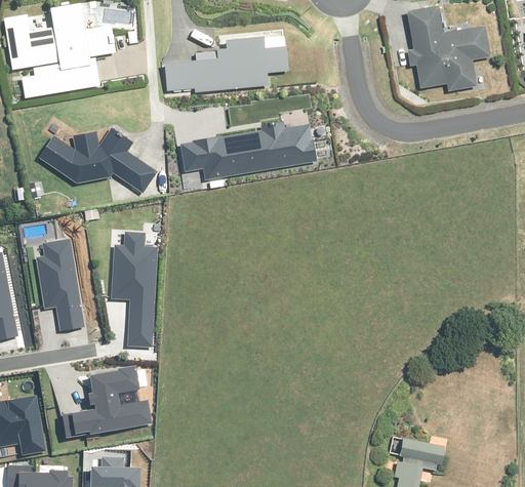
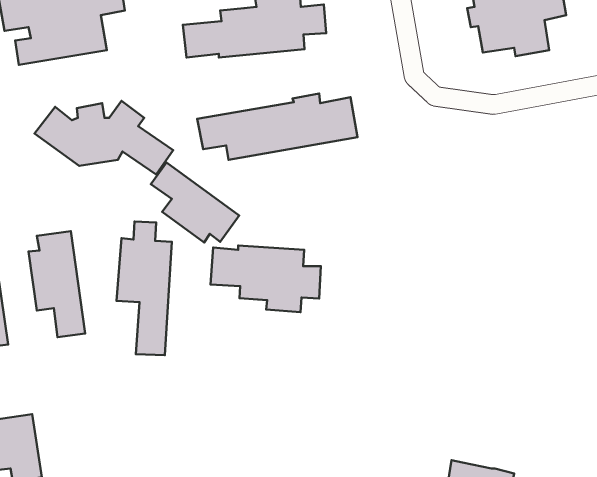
building: none -> [151,162,239,242]
building: none -> [211,246,321,312]
building: [66,368,151,434] -> none

